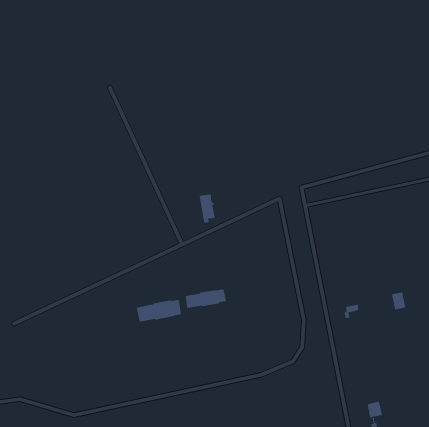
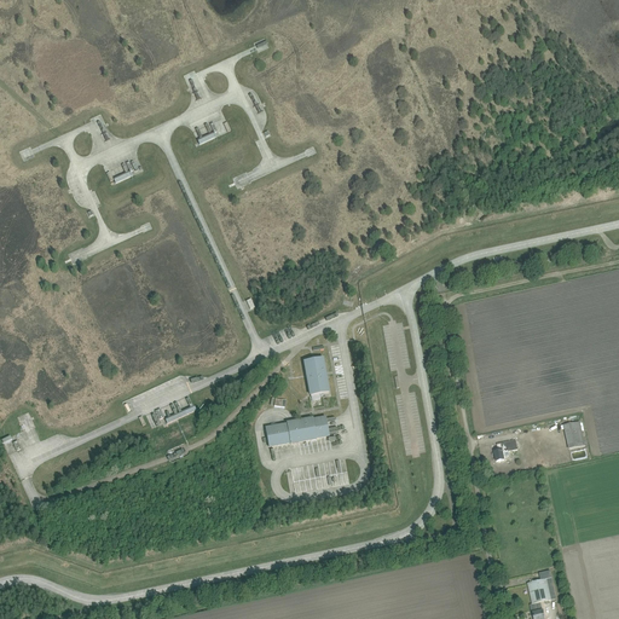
building: [199,194,216,223] -> [305,355,329,398]
building: [136,299,184,322] -> none

